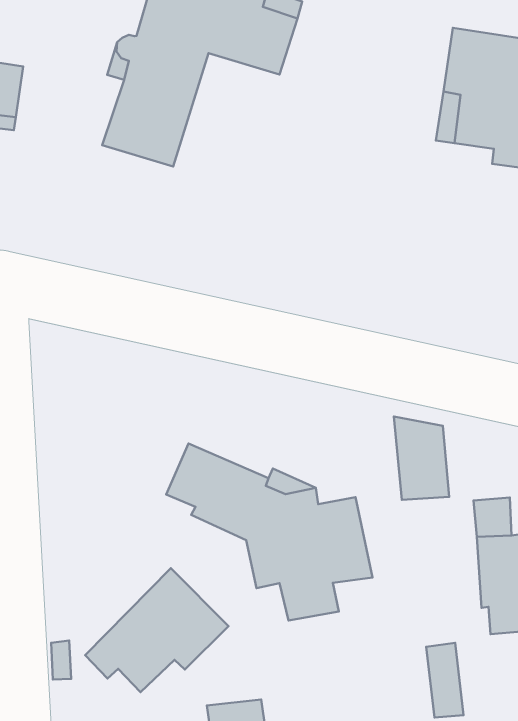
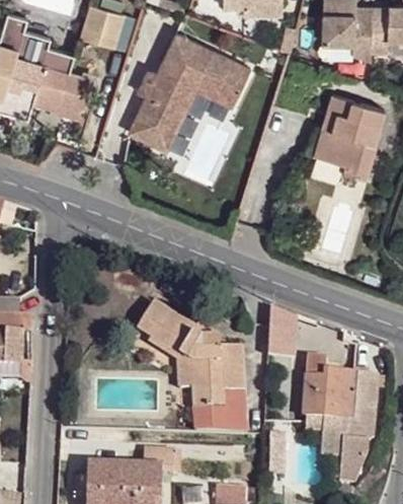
building: [85,568,229,692] -> none
building: none -> [194,391,245,433]

